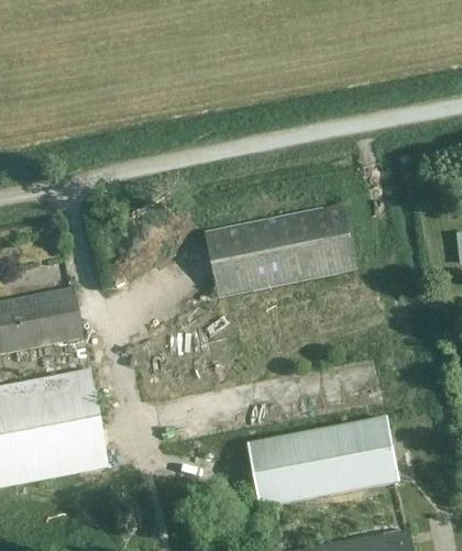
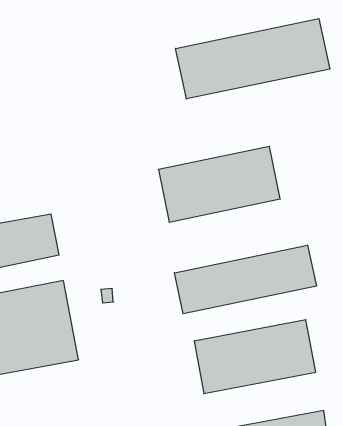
building: none -> [176,19,330,99]
building: none -> [174,245,316,314]

